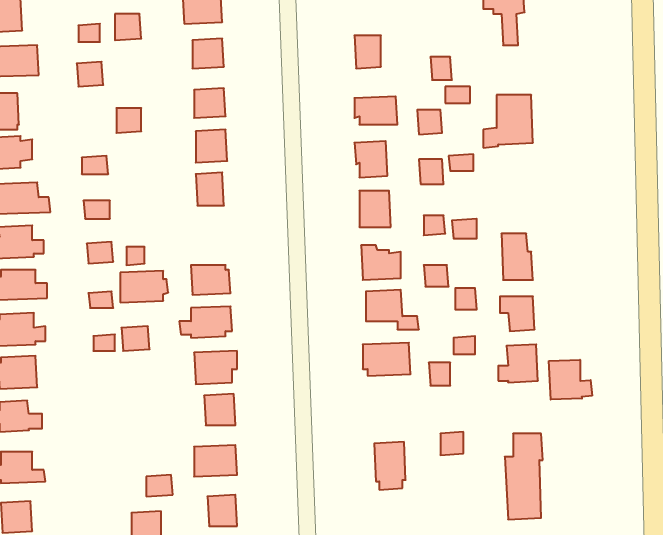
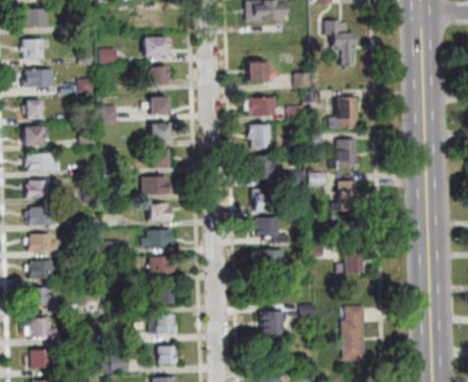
building: none -> [329,141,357,170]
building: [120,271,168,302] -> [142,175,171,195]
building: [549,360,592,400] -> none

